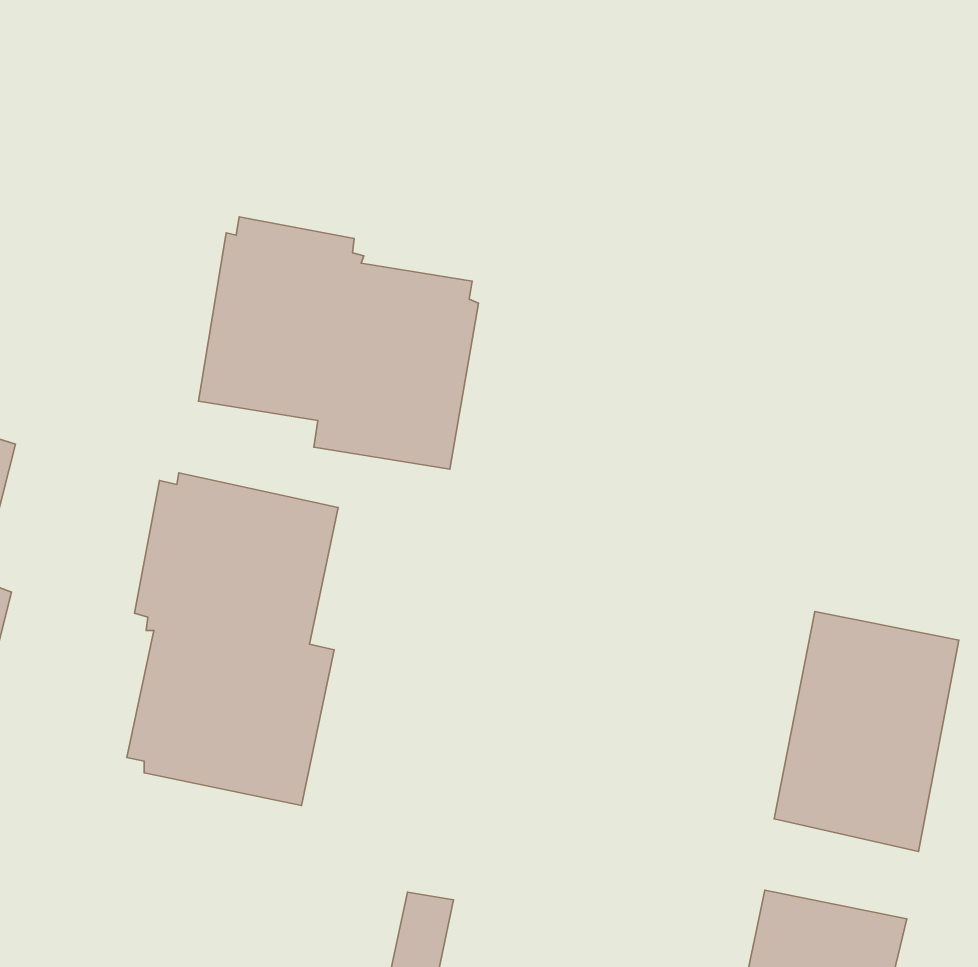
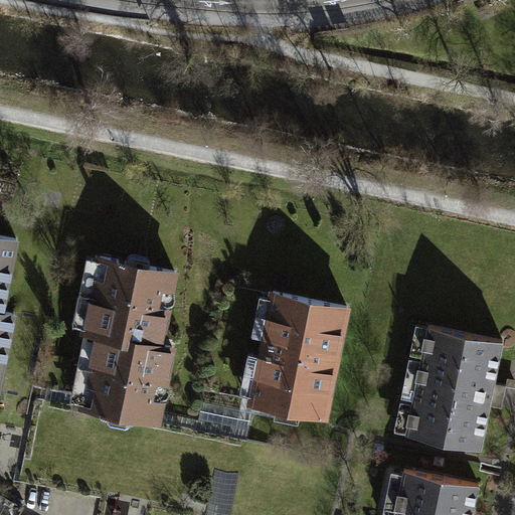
building: [199,217,478,469] -> none
building: none -> [244,292,349,422]

